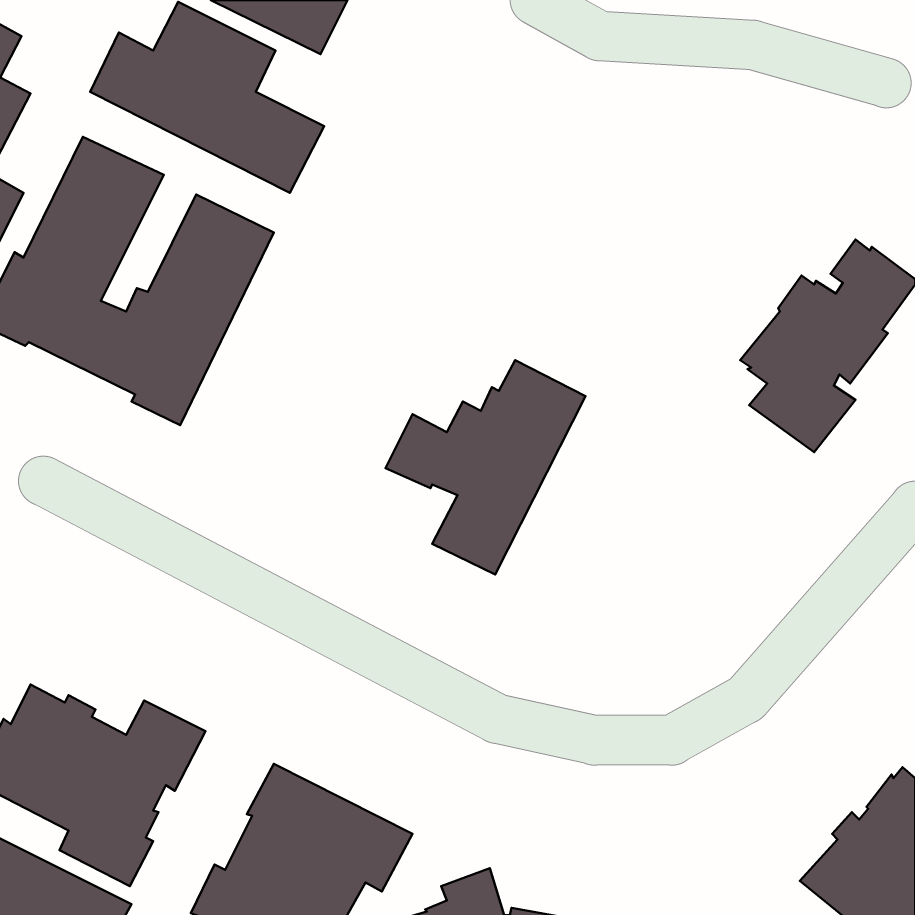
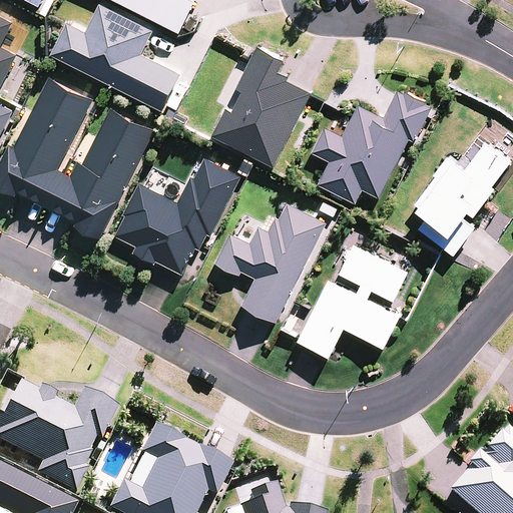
building: none -> [210,46,312,167]
building: none -> [311,90,432,204]
building: none -> [114,159,240,275]
building: none -> [297,243,408,357]

